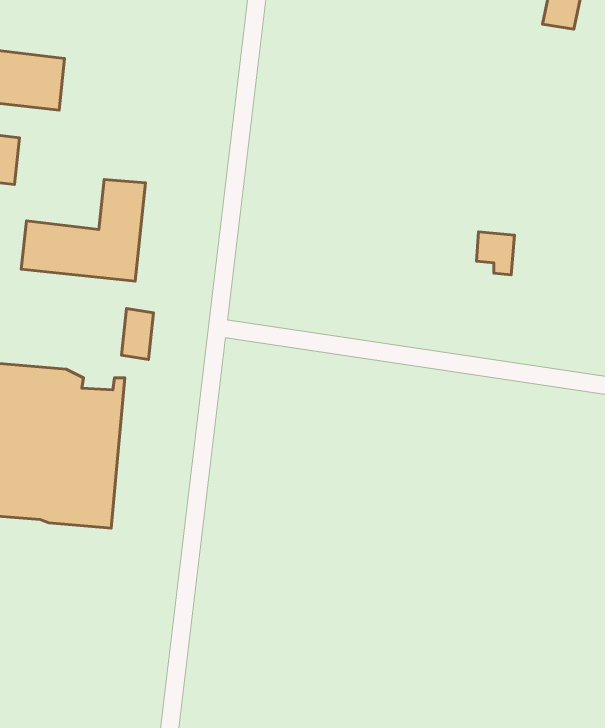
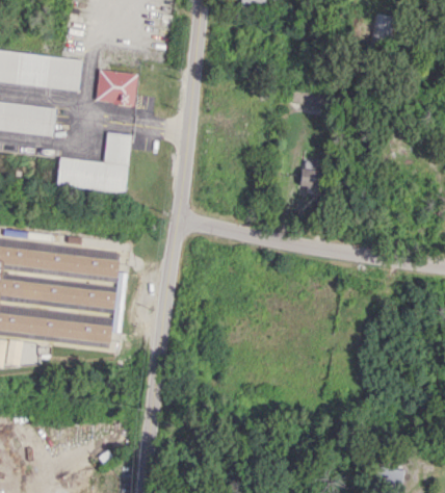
building: none -> [96,67,138,105]
building: [477,232,515,275] -> [299,170,322,196]
building: [121,308,153,359] -> none

